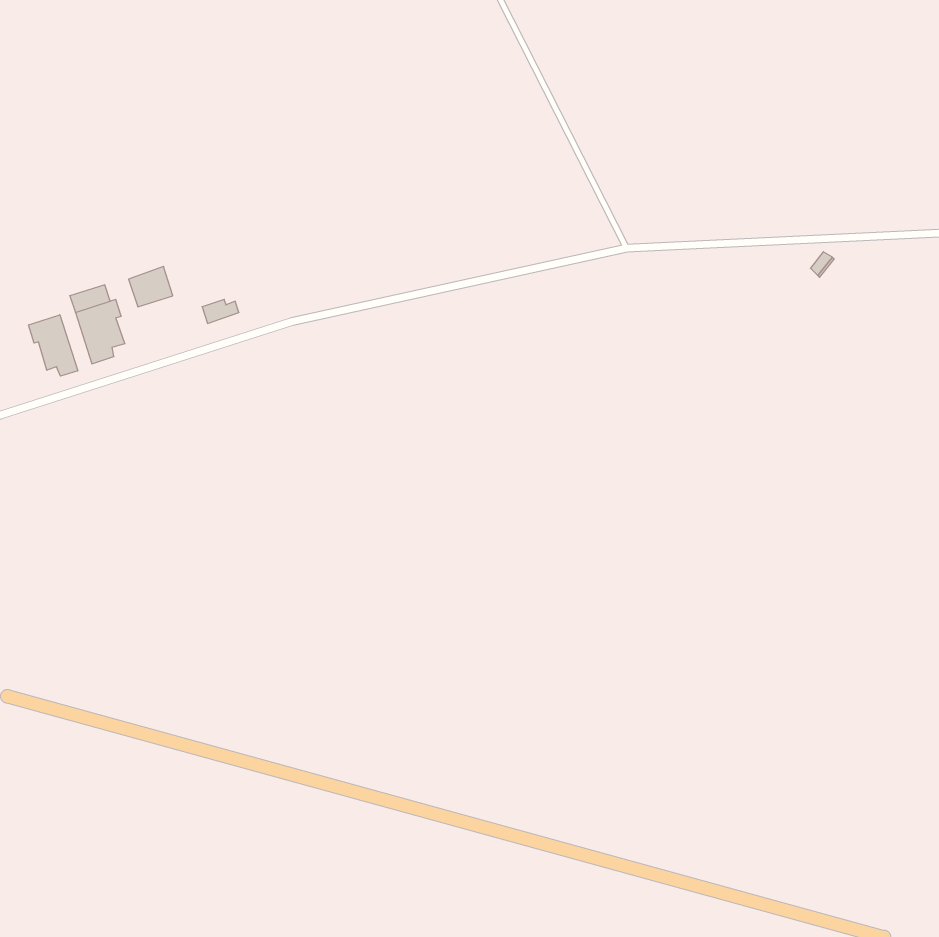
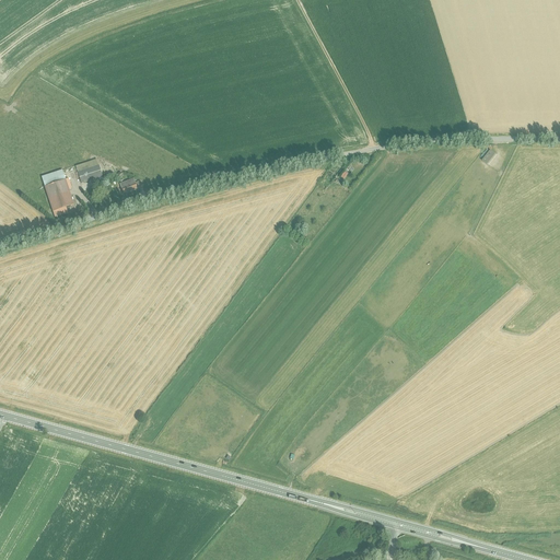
building: [28,315,78,376] -> none

